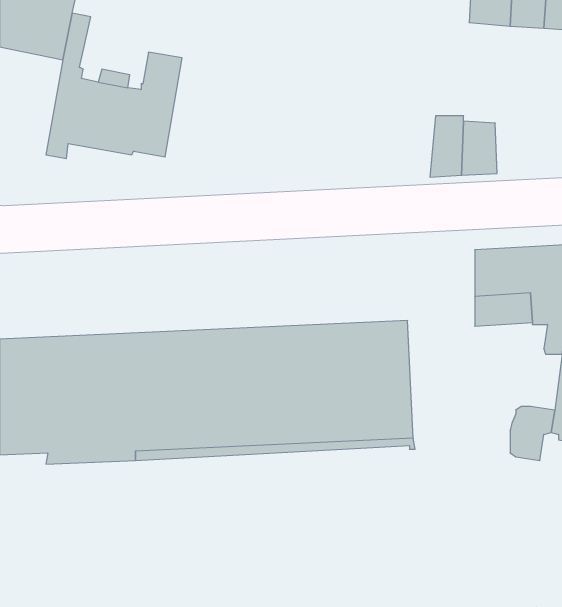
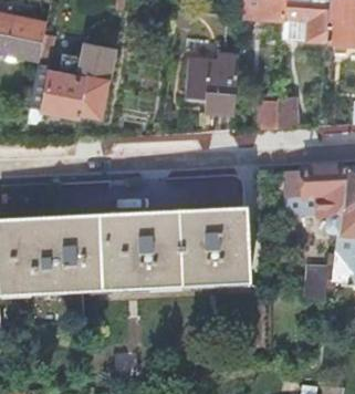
building: none -> [187,50,240,108]

